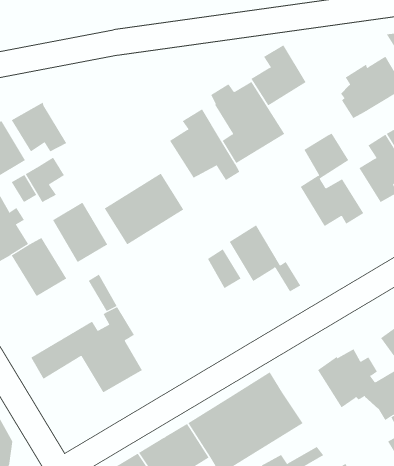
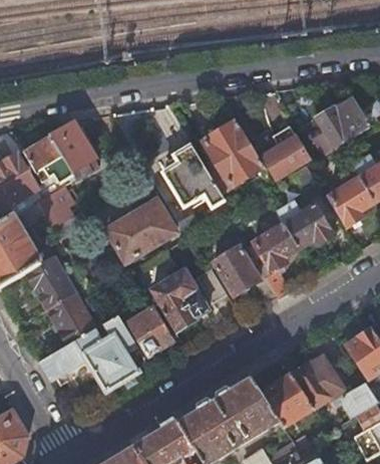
building: [250,44,307,106] -> [261,126,310,180]
building: none -> [53,128,98,178]
building: none -> [253,212,298,298]
building: [52,202,108,263] -> [46,292,95,345]
building: none -> [152,270,209,330]
building: none -> [127,307,172,355]
building: none -> [262,373,314,427]

